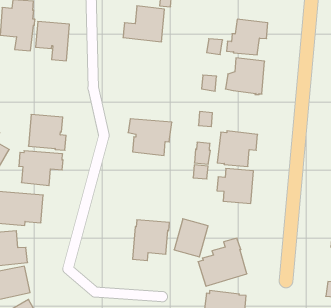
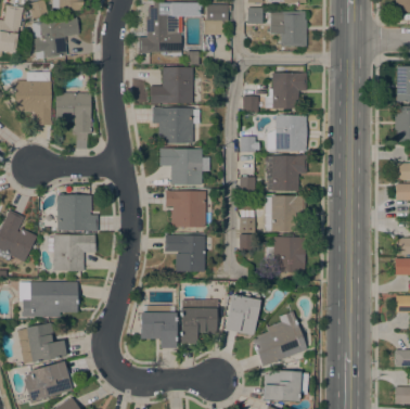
building: none -> [153,106,200,142]
building: none -> [159,148,210,184]
building: none -> [272,155,307,191]
building: none -> [165,234,205,271]
building: none -> [141,305,177,347]

